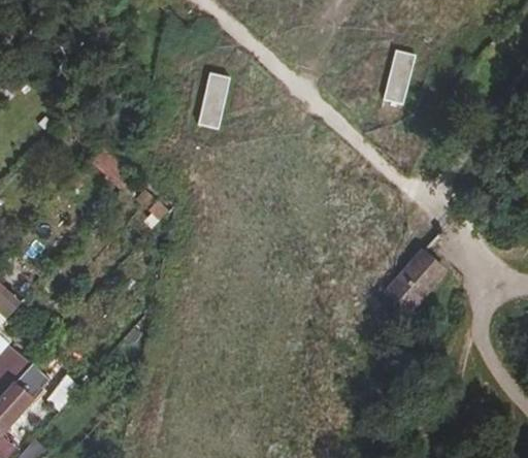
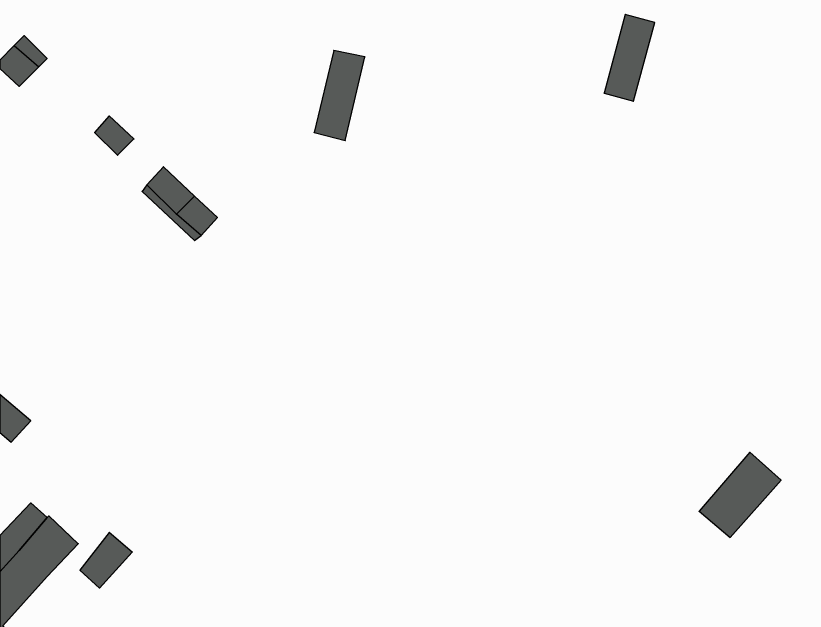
building: [390,258,441,312] -> [699,452,781,537]

